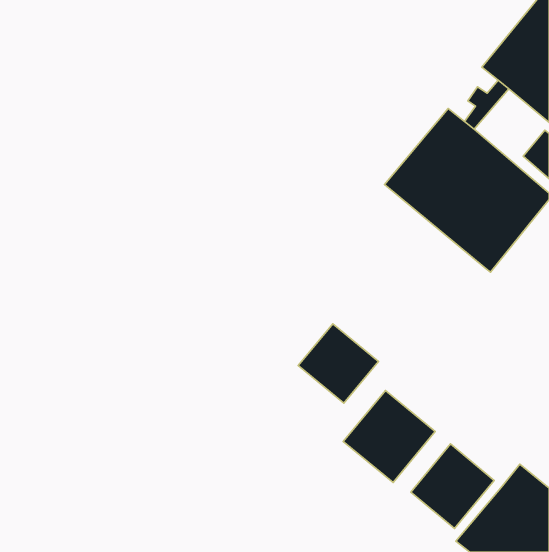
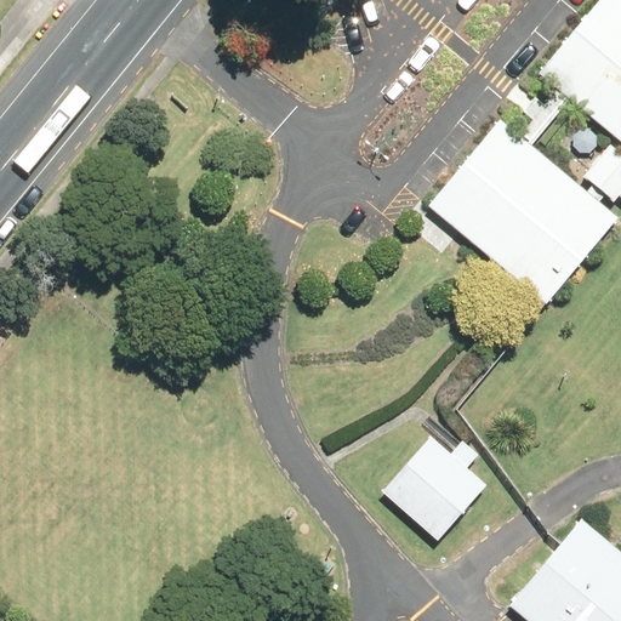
building: [298,324,378,403] -> none
building: [411,444,494,528] -> none

